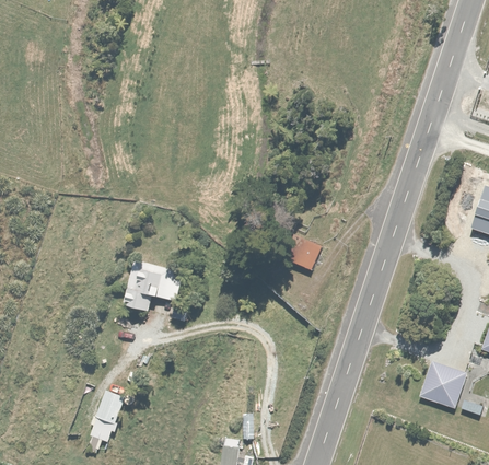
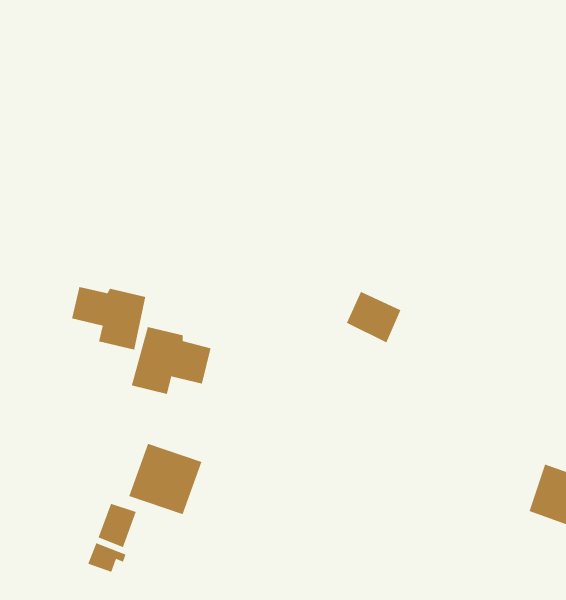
building: none -> [71,286,146,351]
building: none -> [128,443,203,515]

